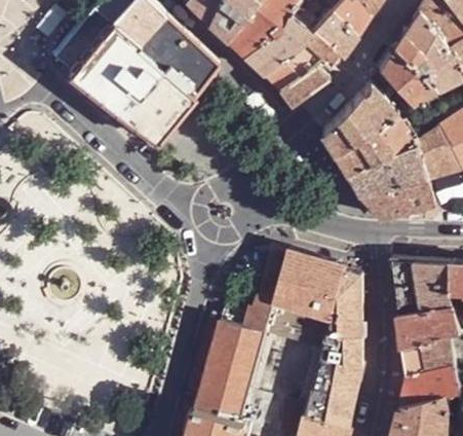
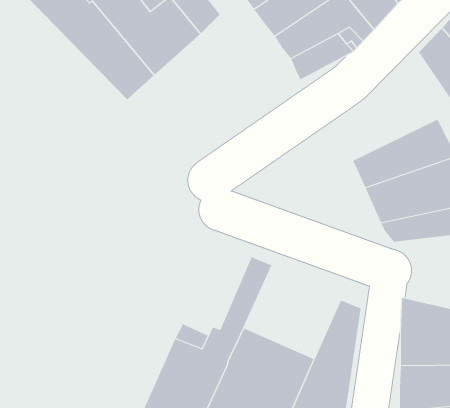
building: [324,92,399,162] -> none
building: [274,251,348,322] -> none

